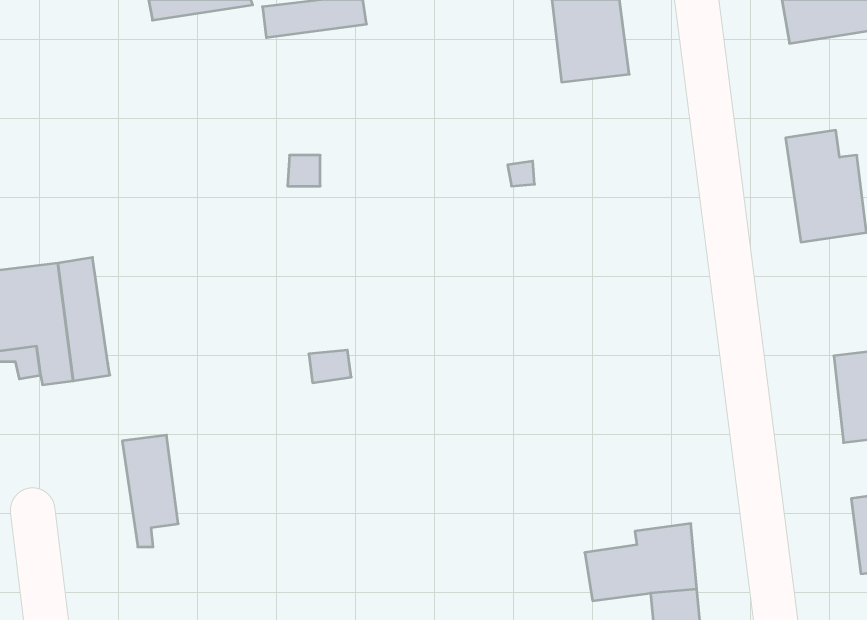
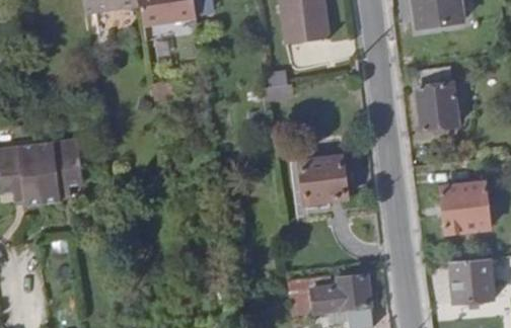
building: none -> [299,158,345,203]
building: [122,435,178,547] -> [51,134,80,192]

